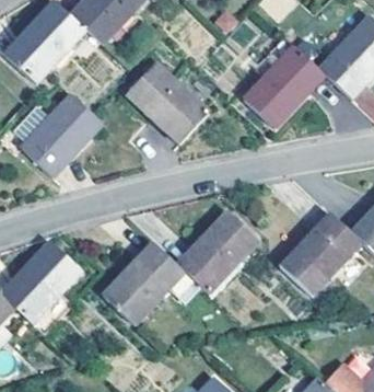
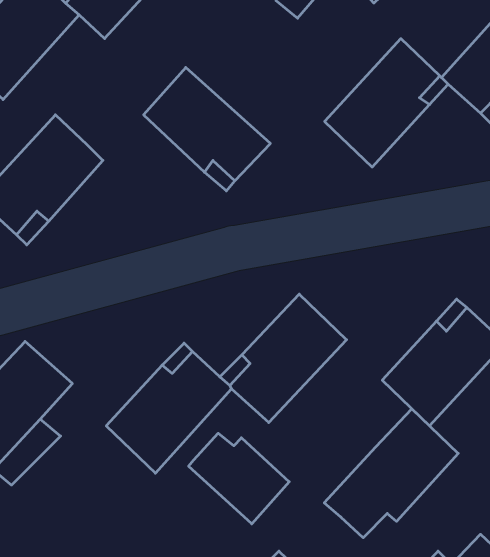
building: none -> [324,409,458,538]
building: none -> [189,433,289,524]

